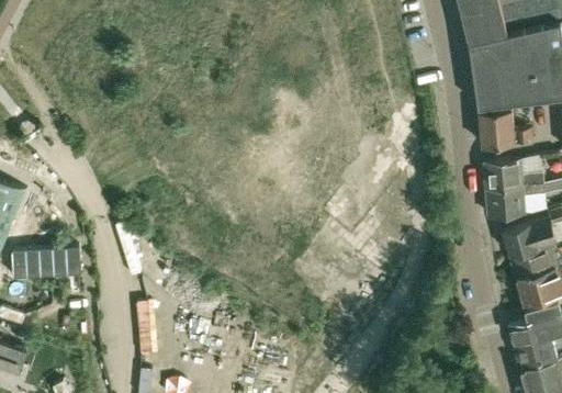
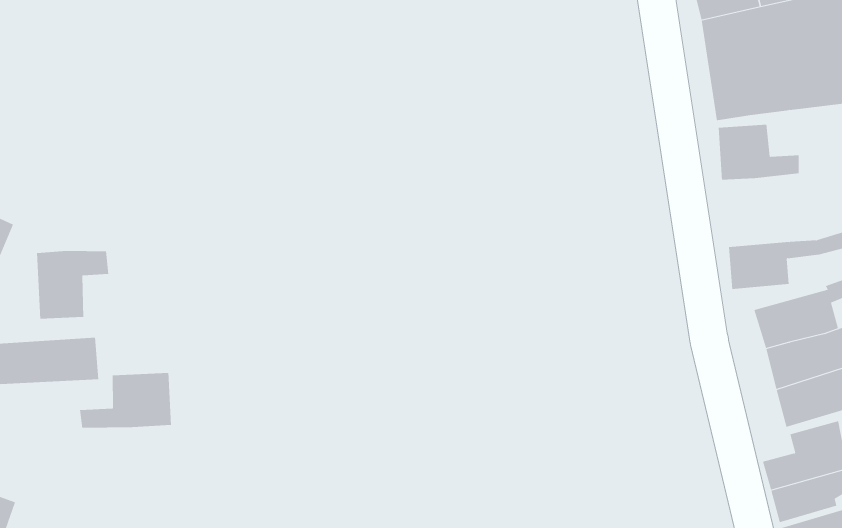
building: [484,161,543,190] -> none
building: none -> [36,250,109,320]
building: none -> [79,372,172,428]

